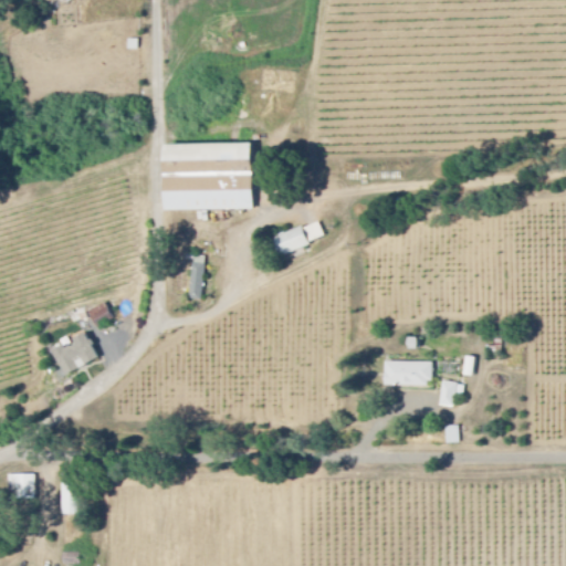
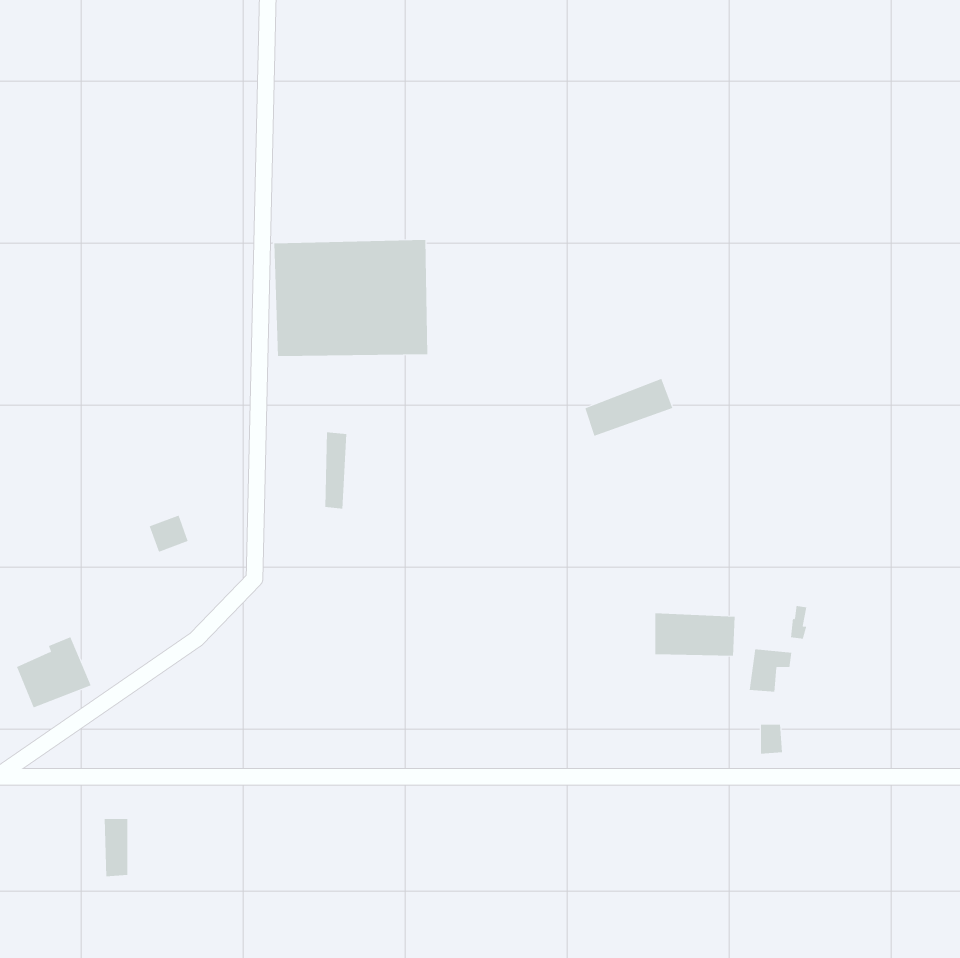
building: [272,219,324,253] -> [584,378,673,436]
building: [52,331,96,373] -> [16,637,92,708]
building: [7,473,33,496] -> none

